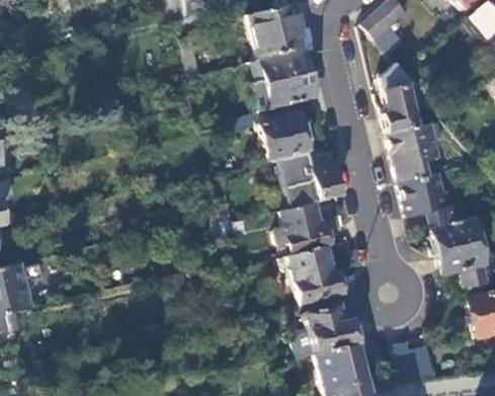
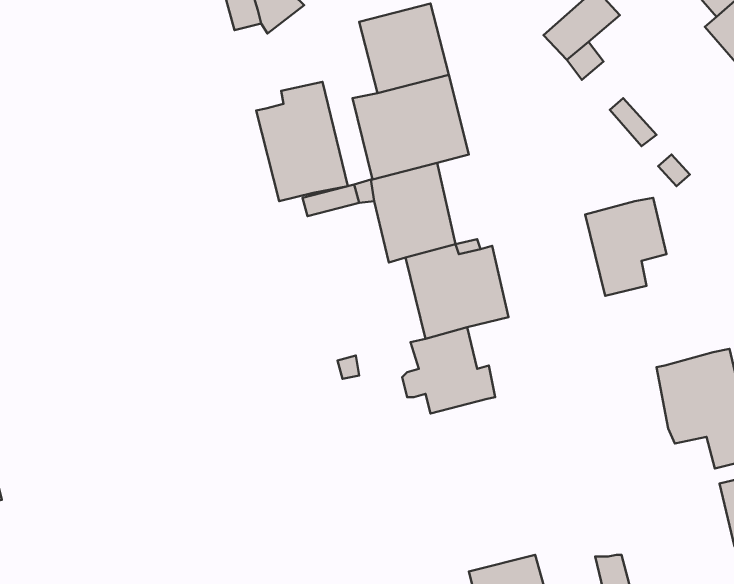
building: none -> [256,82,348,201]
building: [384,85,418,133] -> none
building: [400,172,466,225] -> none
building: [280,245,345,303] -> none
building: [307,303,357,350] -> none

